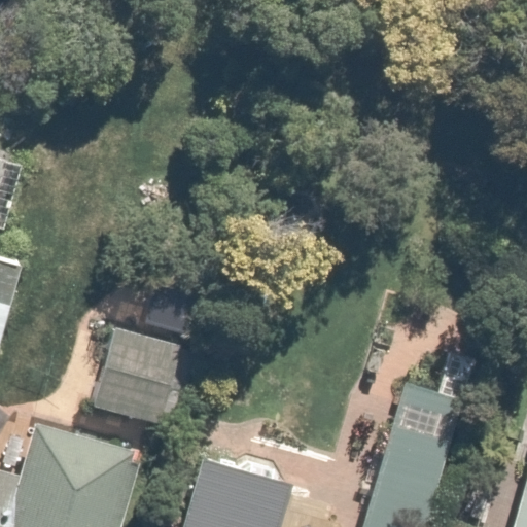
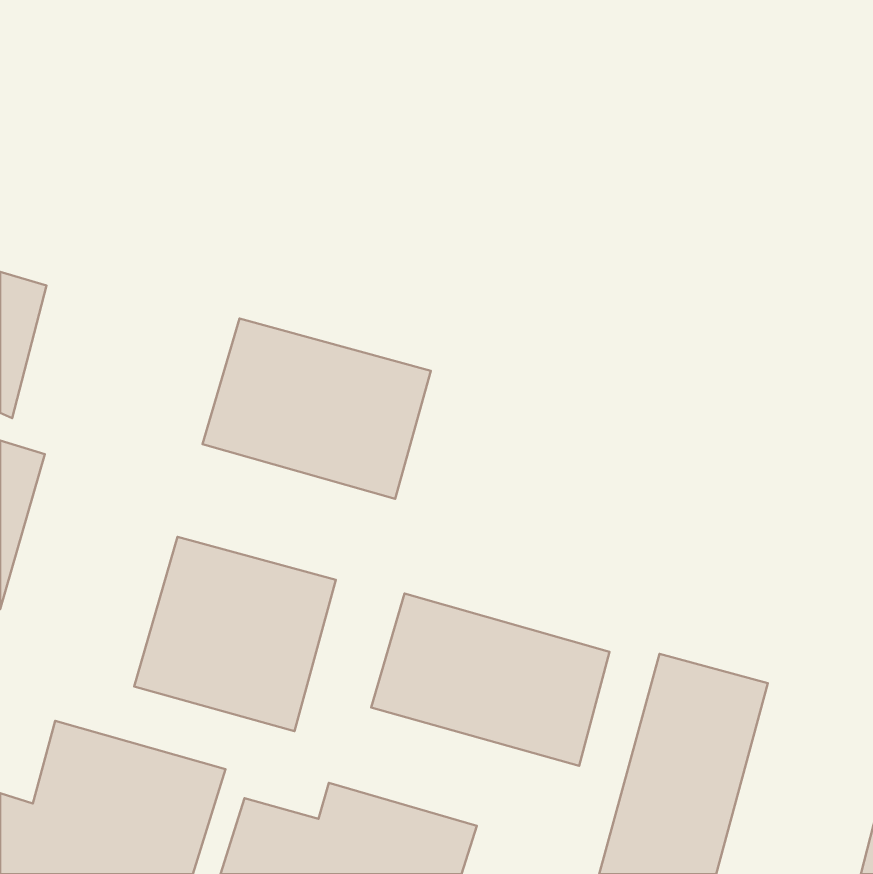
building: none -> [203,318,431,499]
building: none -> [371,594,610,766]

